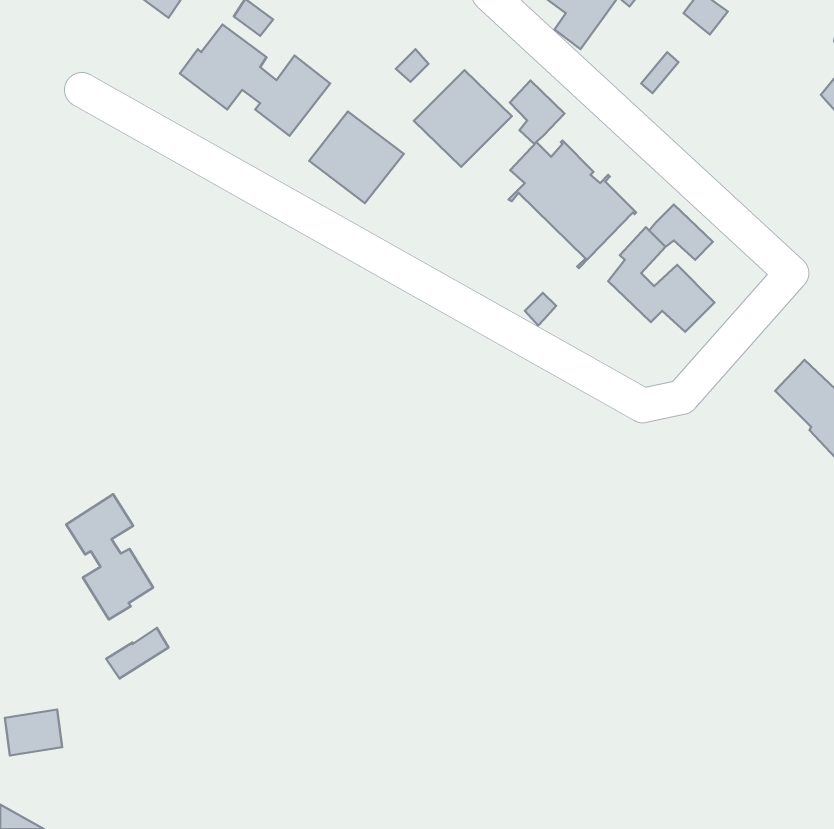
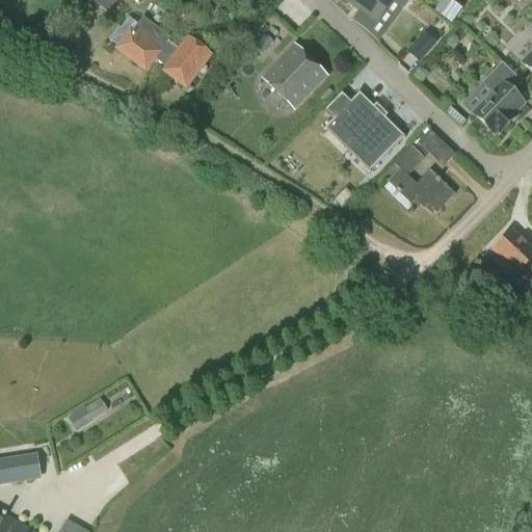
building: [510,80,564,144] -> none
building: none -> [473,61,525,133]
building: [309,112,404,203] -> none
building: [66,494,153,619] -> none

